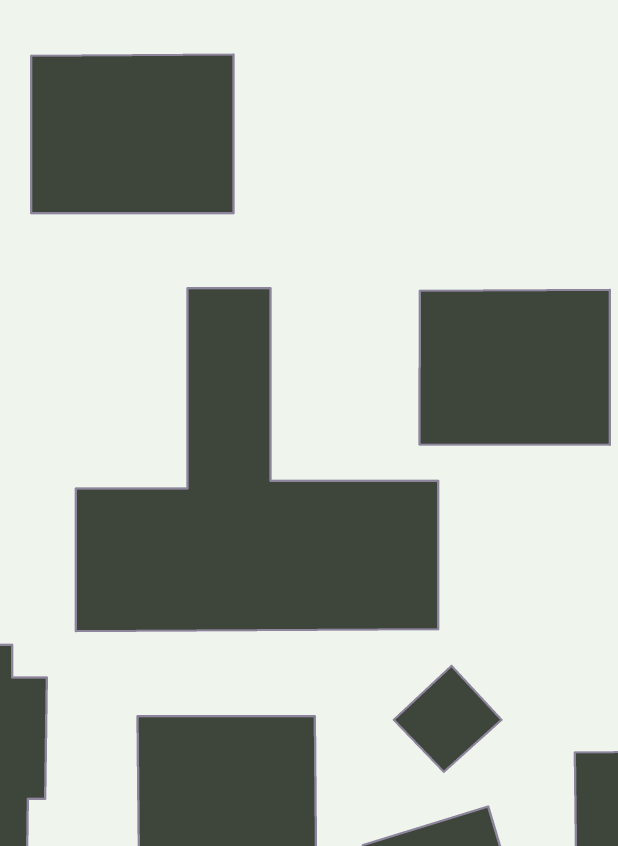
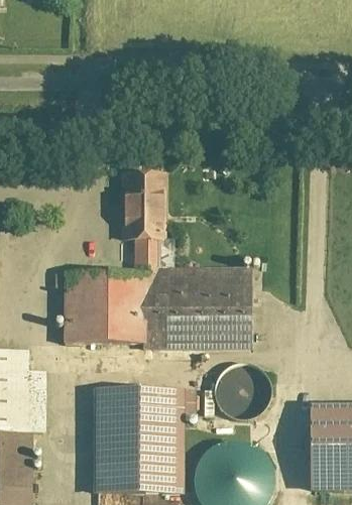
building: [31,54,233,213] -> none
building: [420,290,610,445] -> none

